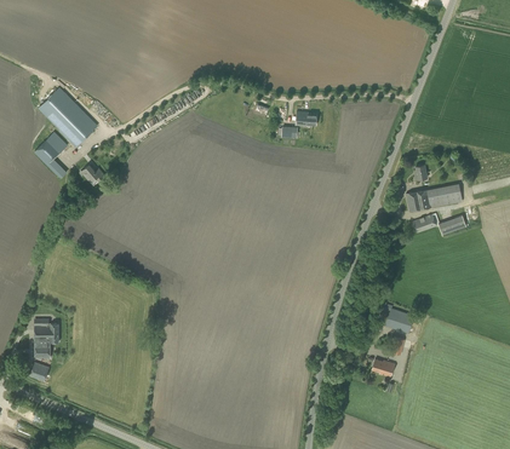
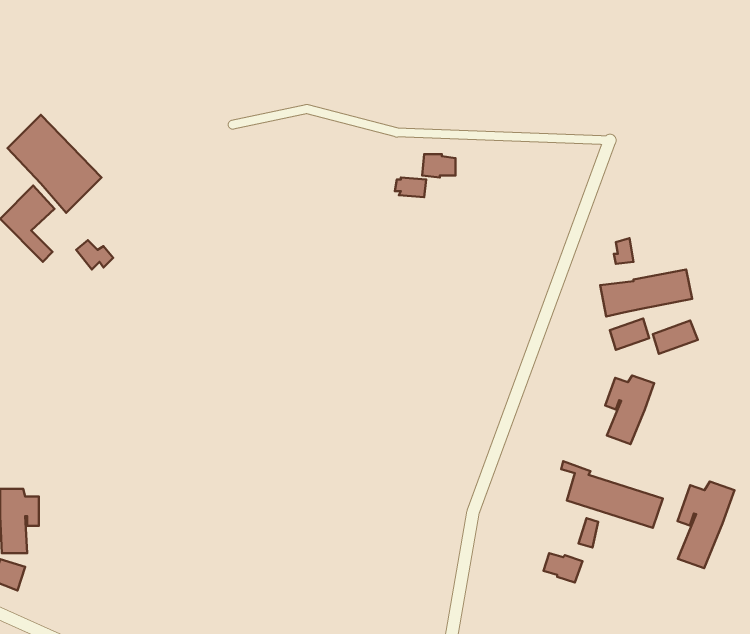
building: none -> [605,375,654,444]
building: none -> [678,481,734,568]

